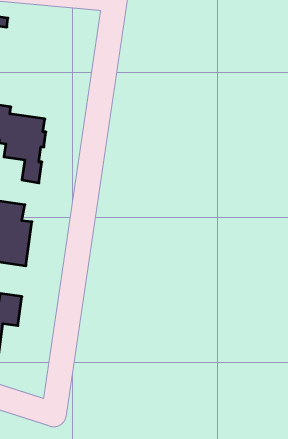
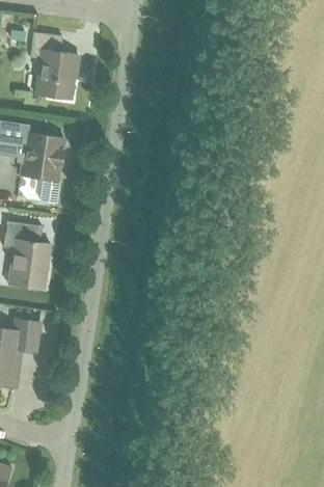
building: none -> [30,32,78,100]

